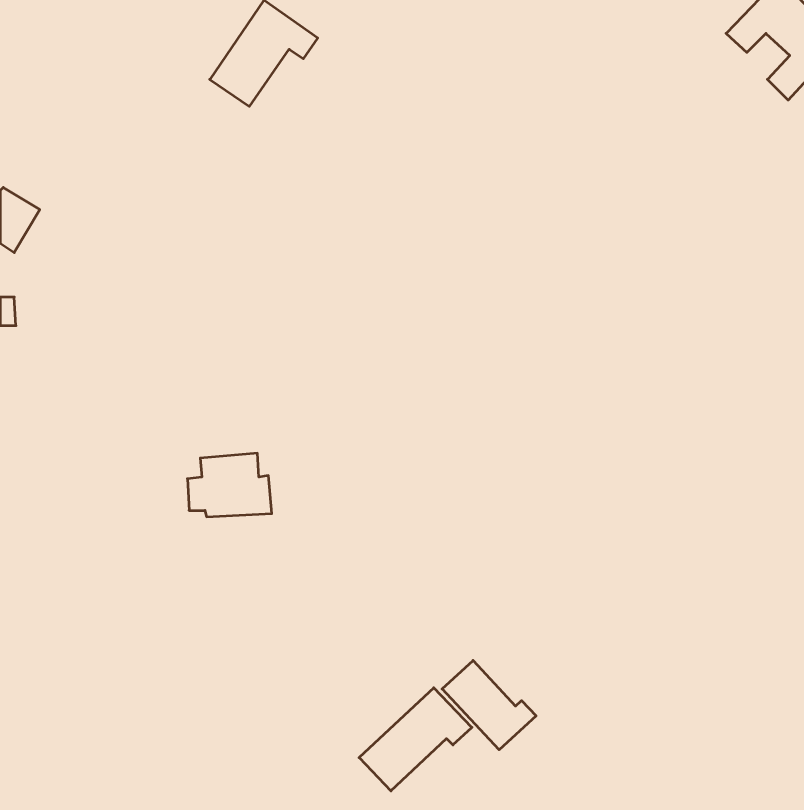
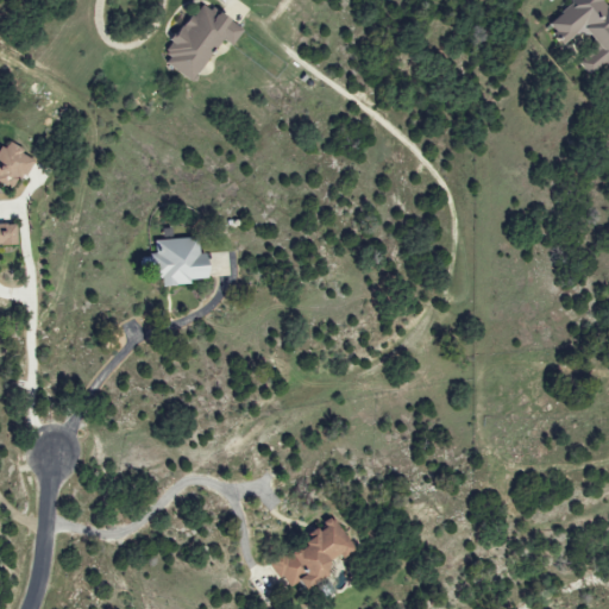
building: [187,453,272,517] -> [147,236,211,283]
building: [442,660,536,750] -> none

